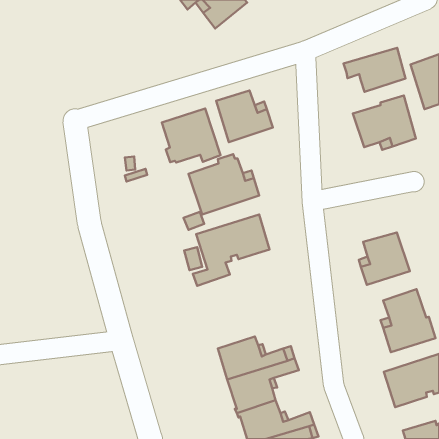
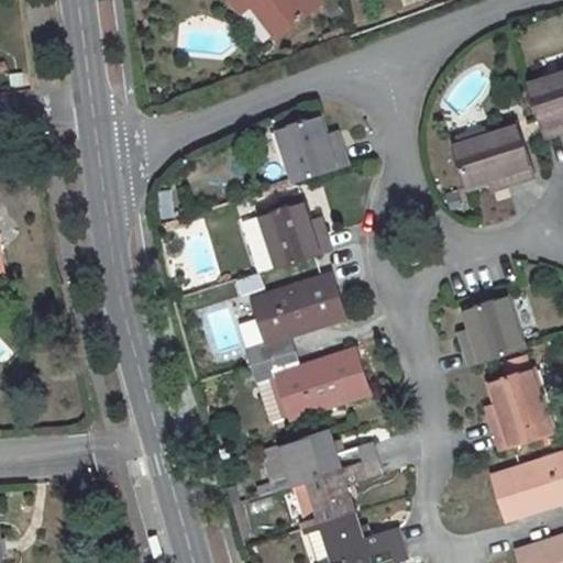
building: [344,48,406,92] -> none
building: [162,108,221,163] -> none
building: none -> [252,347,369,421]

